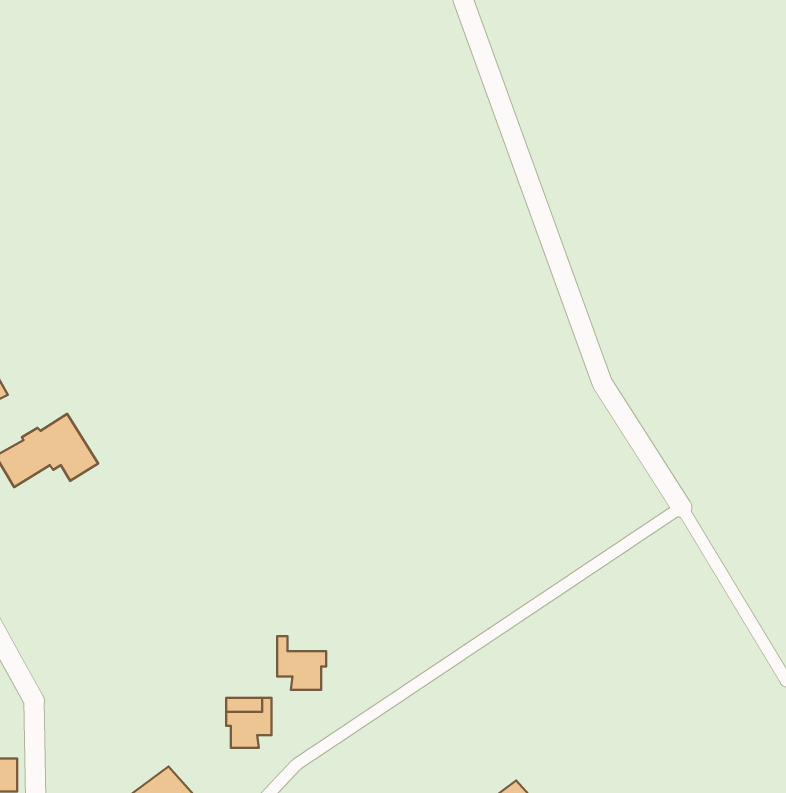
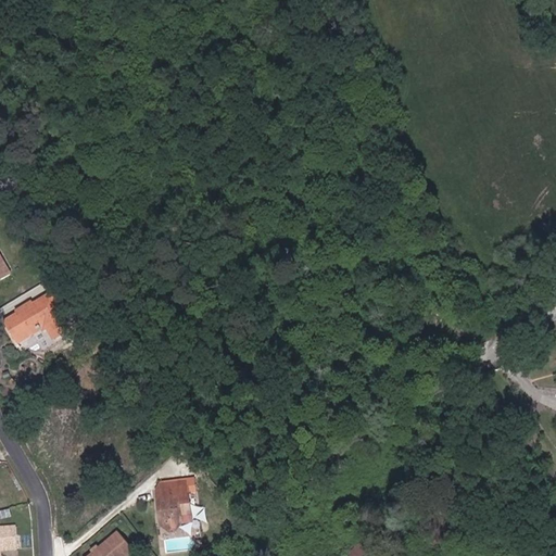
building: [277,636,326,690] -> none

